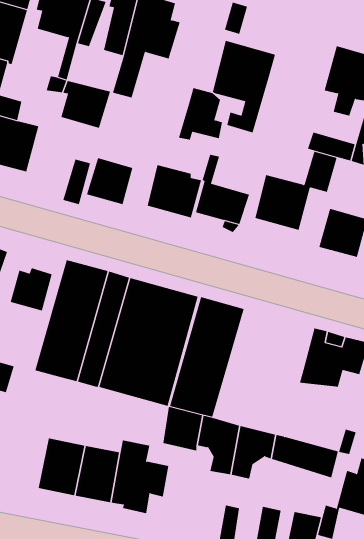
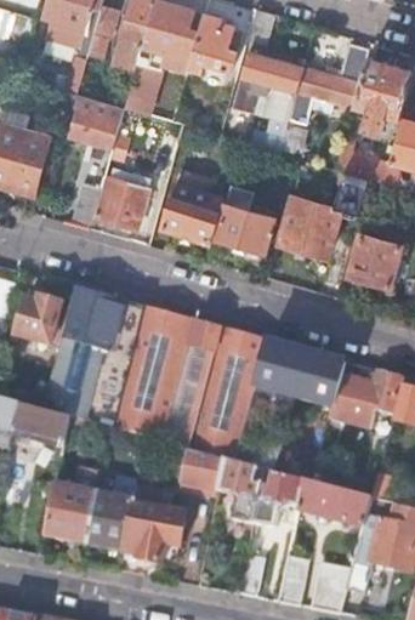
building: none -> [295,41,370,104]
building: [178,87,223,140] -> [188,12,237,69]
building: none -> [251,341,343,409]
building: none -> [11,403,68,446]

